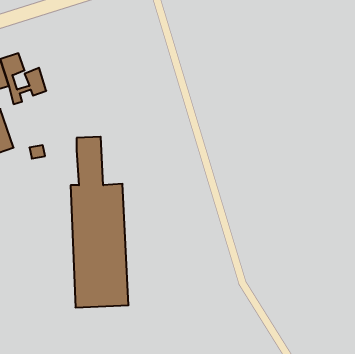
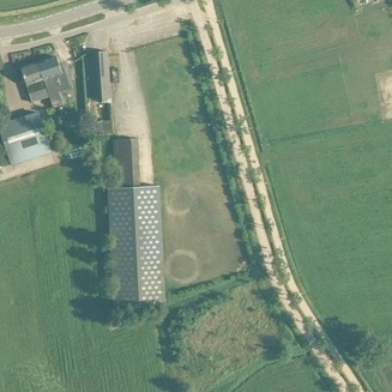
building: none -> [91,53,111,108]

